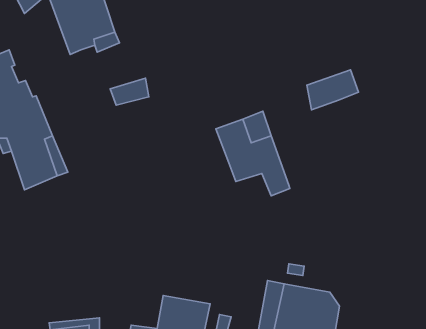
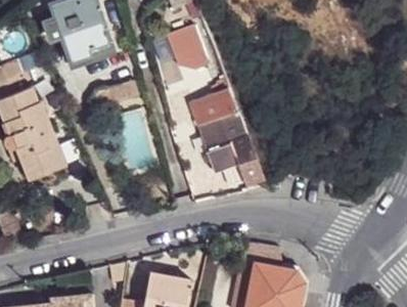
building: none -> [166,27,208,76]
building: [307,70,359,110] -> [192,93,237,128]

